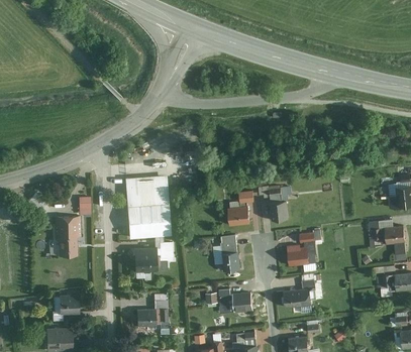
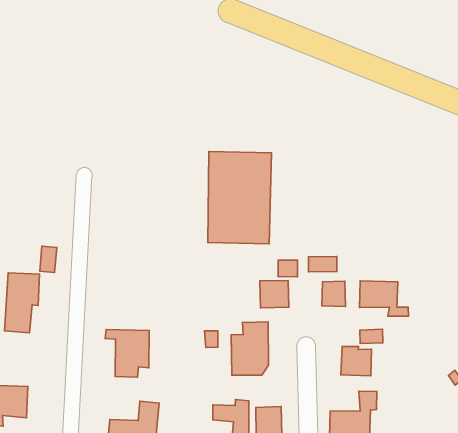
building: [123,174,170,239] -> [208,152,271,244]
building: none -> [359,281,409,316]

